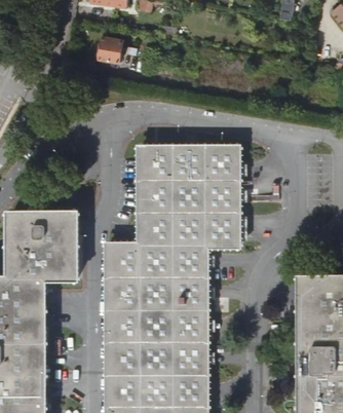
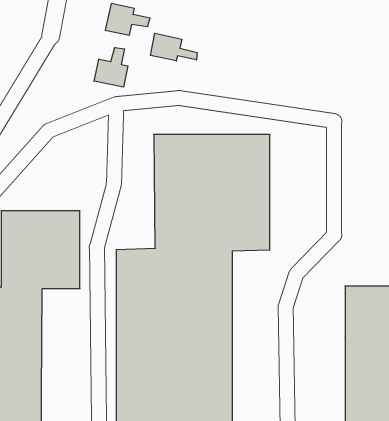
building: none -> [151,33,197,61]
building: none -> [94,47,128,87]

